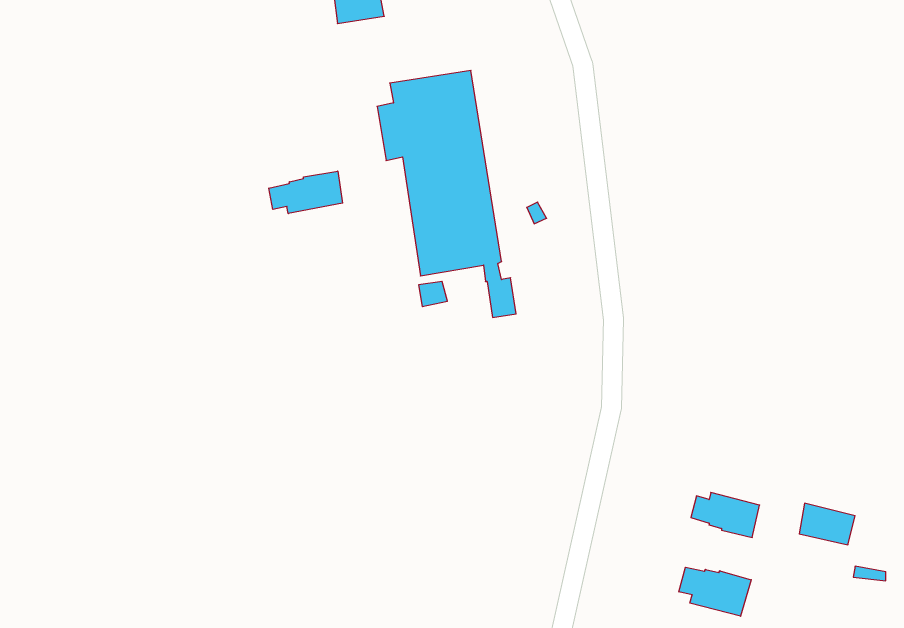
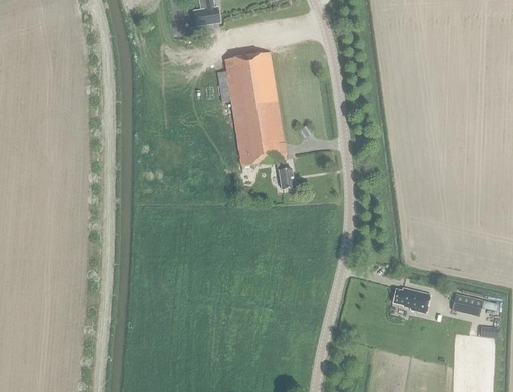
building: [269,171,343,214] -> none
building: [679,567,751,616] -> none

